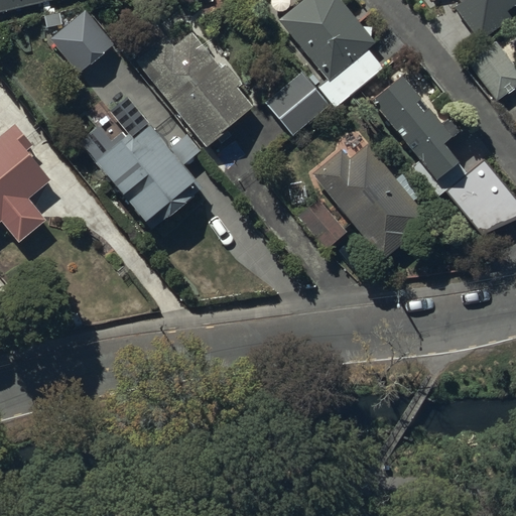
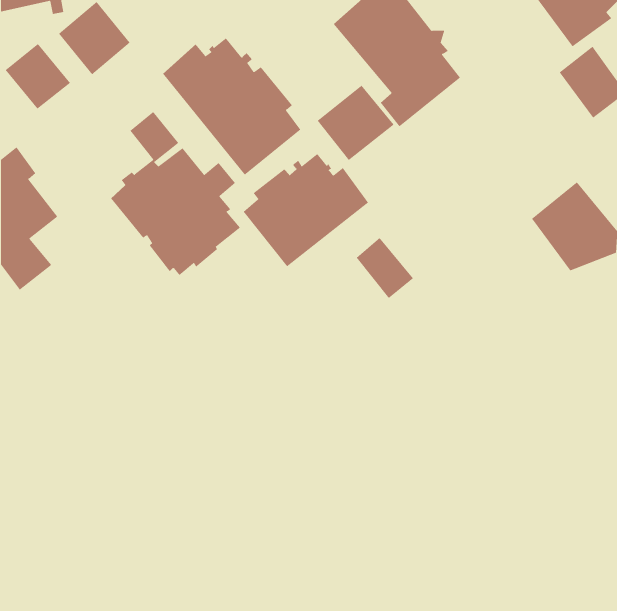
building: none -> [5,43,71,110]
building: [370,78,459,182] -> none
building: none -> [243,153,369,267]
building: [311,144,428,260] -> none

